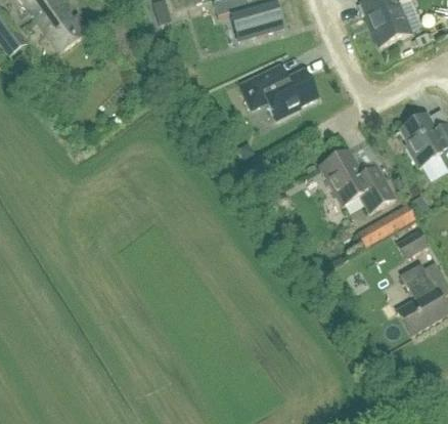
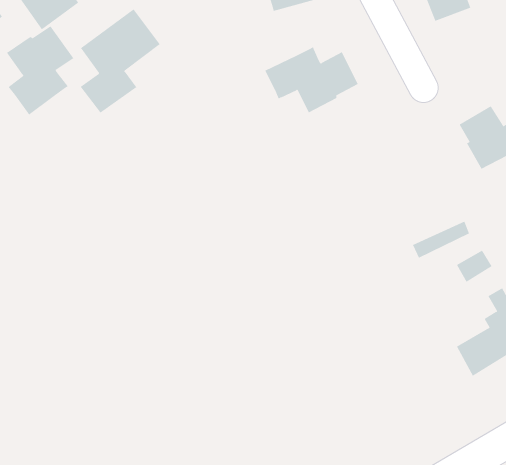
building: none -> [80,9,160,113]
building: none -> [6,26,74,115]
building: [319,149,394,211] -> none

